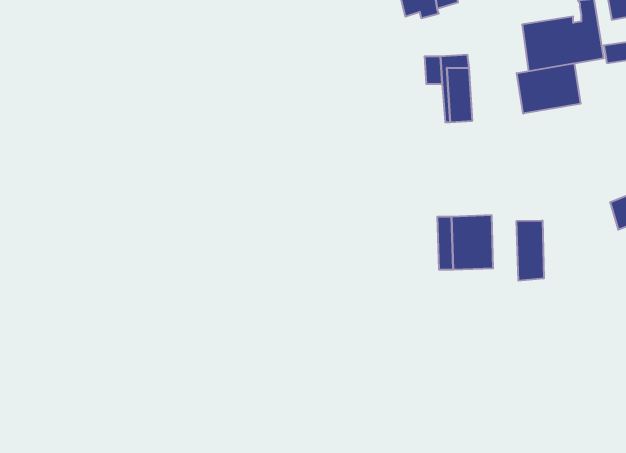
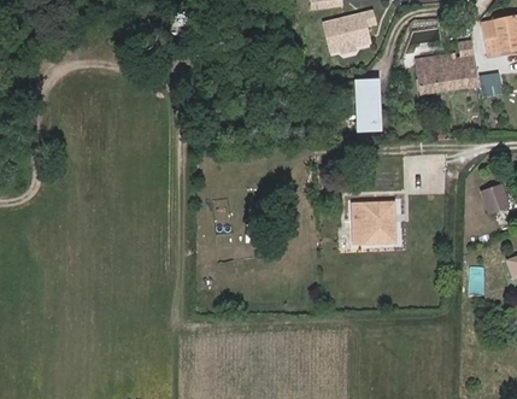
building: [517,63,581,114] -> none
building: [517,220,544,281] -> none

